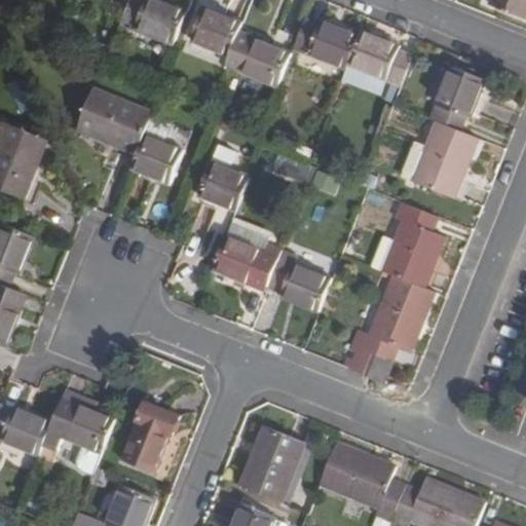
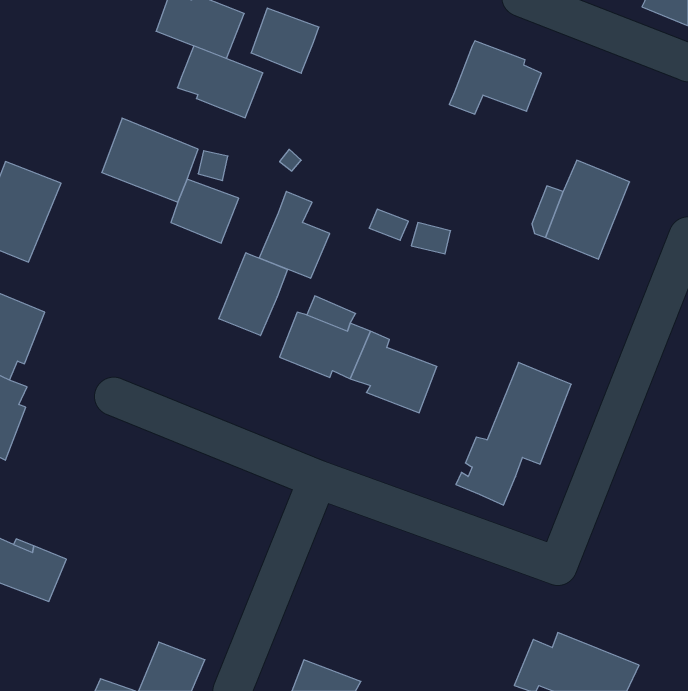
building: [291,20,358,70] -> none
building: [225,32,290,86] -> [177,46,263,118]
building: [428,66,482,129] -> none
building: none -> [219,253,287,336]
building: [383,201,443,287] -> none
building: [121,403,179,473] -> none
building: [37,404,114,461] -> none
building: [238,426,303,501] -> none
building: [317,442,404,519] -> none

